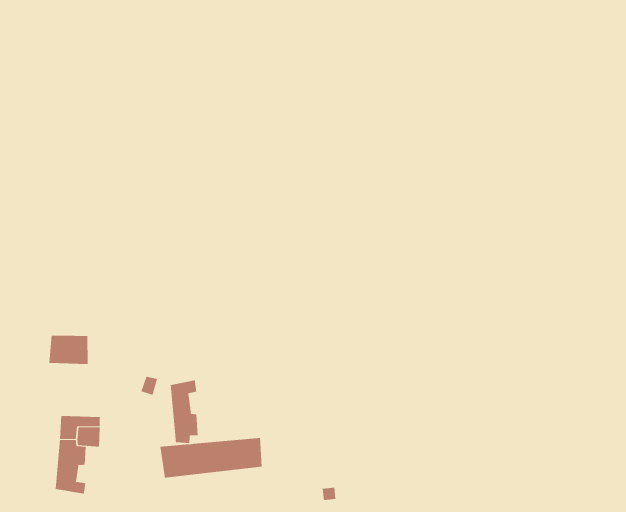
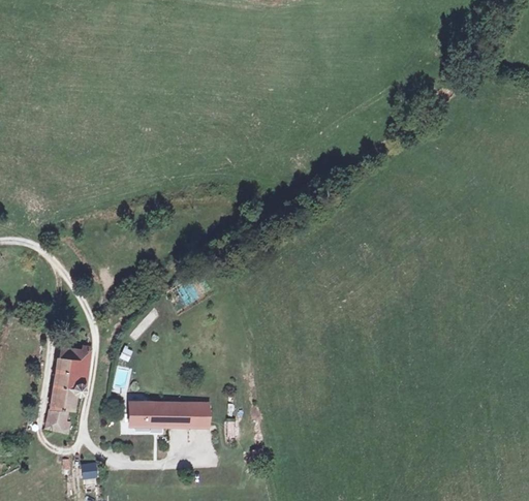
building: [48,335,88,365] -> [56,347,89,373]
building: [170,379,198,444] -> none

